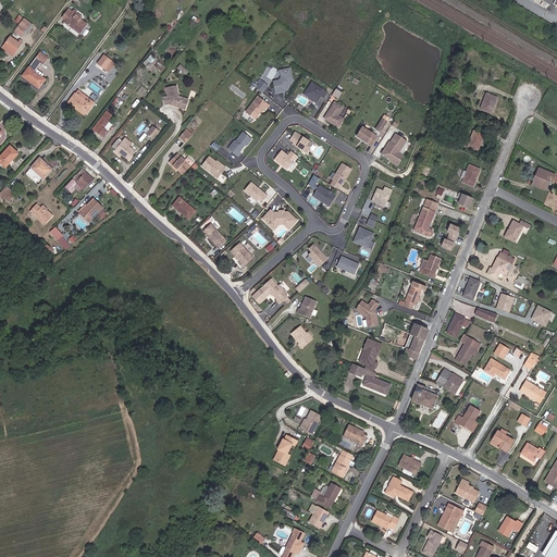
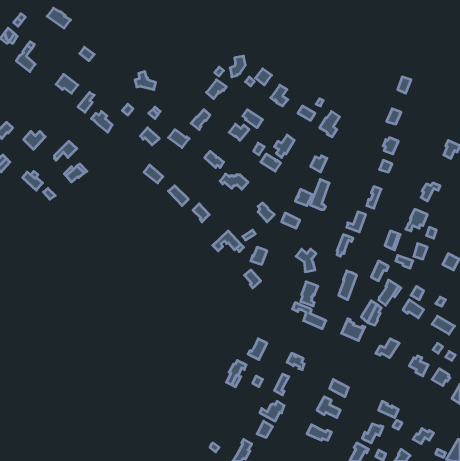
building: [413,200,436,236] -> [310,179,329,209]

